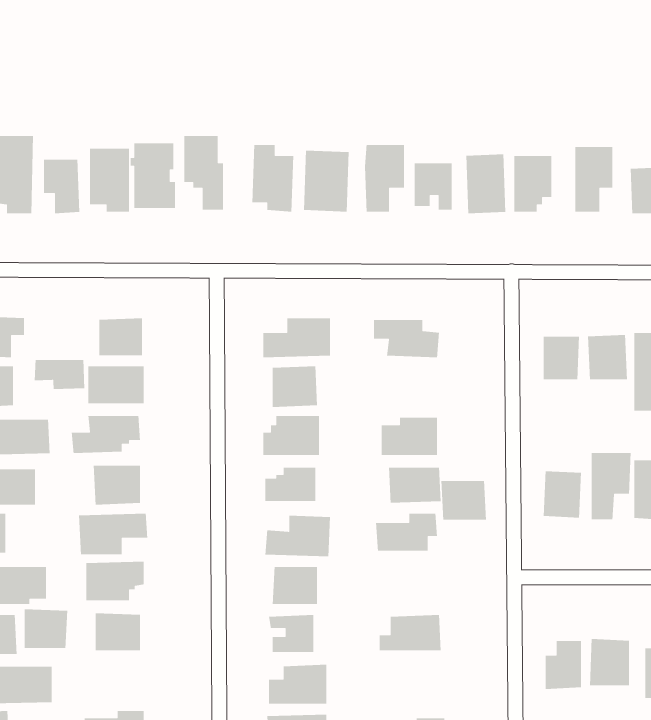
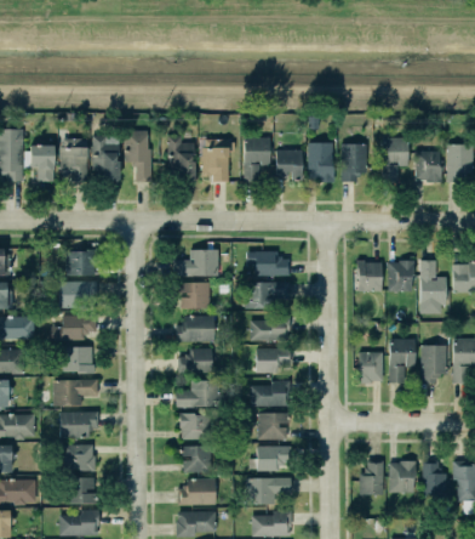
building: [34,359,85,390] -> none
building: none -> [247,282,291,308]
building: [441,480,487,521] -> [259,413,290,439]
building: [24,608,68,649] -> [68,477,97,504]
building: none -> [247,477,292,505]

